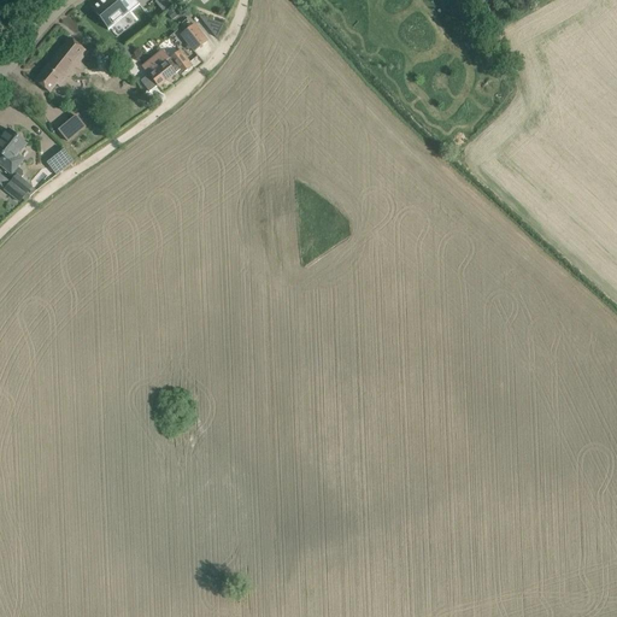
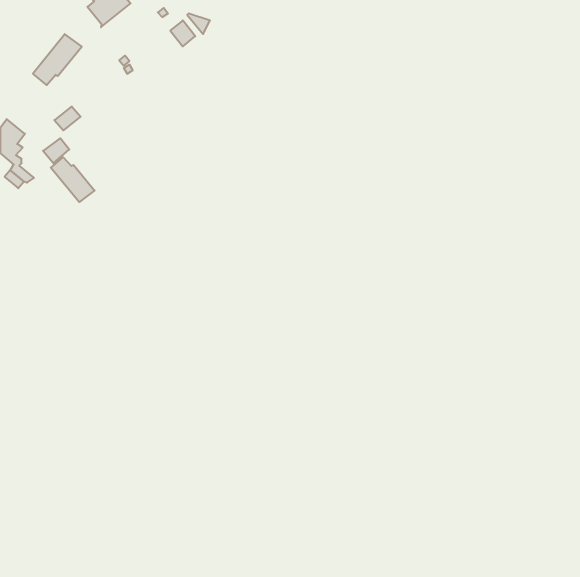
building: [148,48,192,86] -> none
building: none -> [51,157,95,202]

